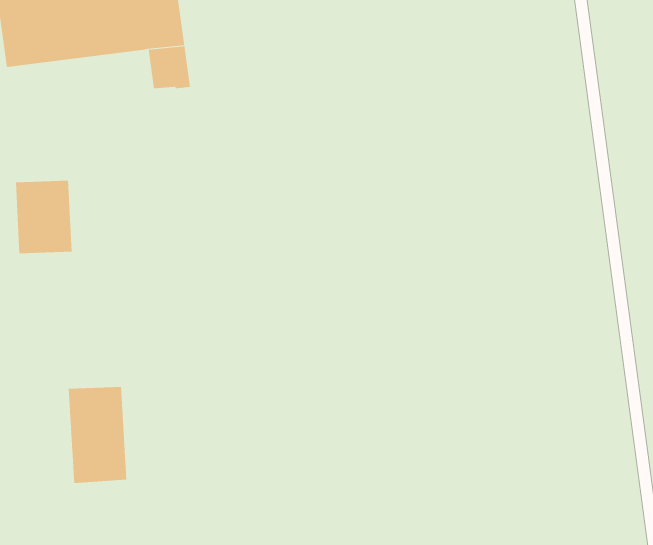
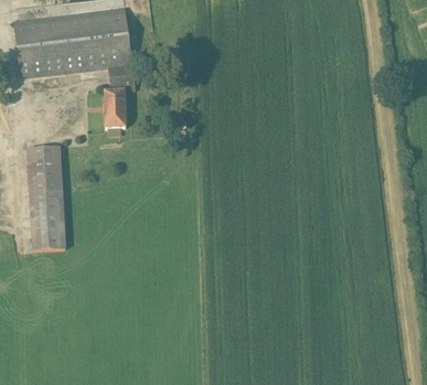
building: none -> [105,93,126,131]
building: [68,387,127,483] -> [30,194,66,254]

